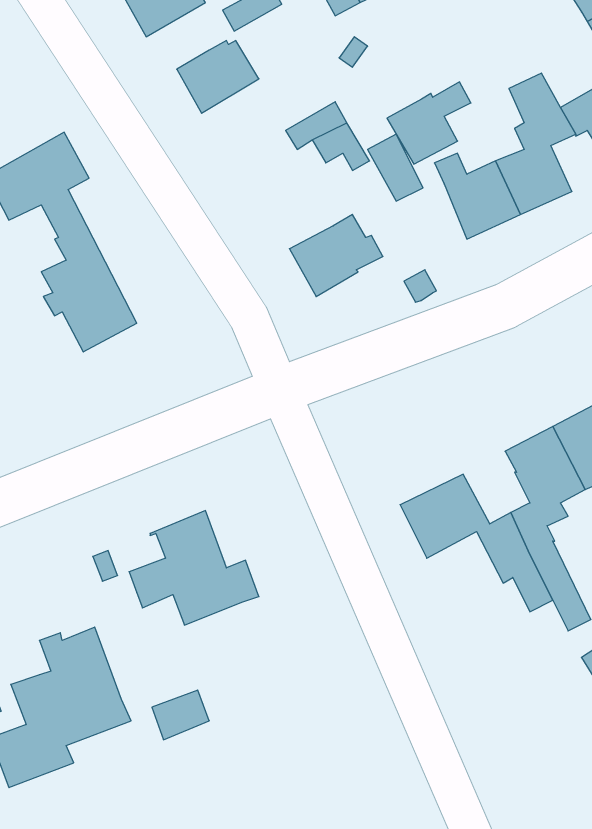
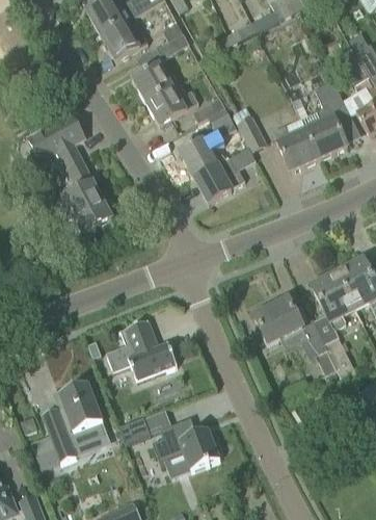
building: none -> [145,83,198,125]
building: [387,82,471,164] -> [179,131,224,176]
building: none -> [151,417,222,469]

